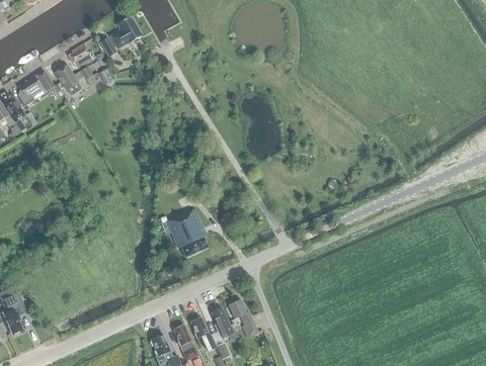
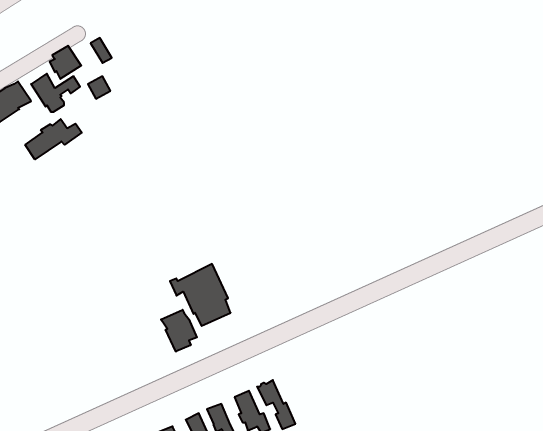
building: [110,15,142,48] -> none
building: none -> [25,119,82,159]
building: none -> [161,310,197,352]

